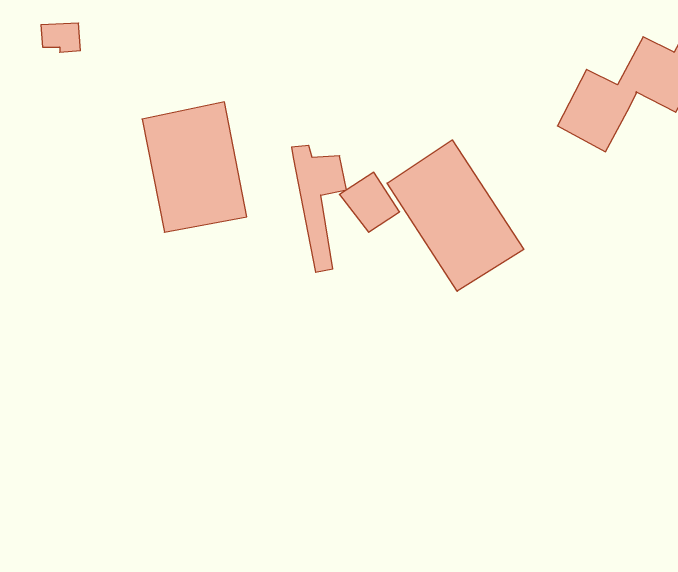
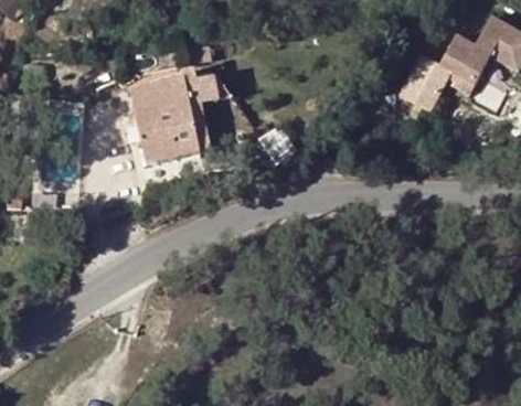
building: [387,140,524,291] -> none
building: [292,145,346,272] -> [183,71,219,152]

